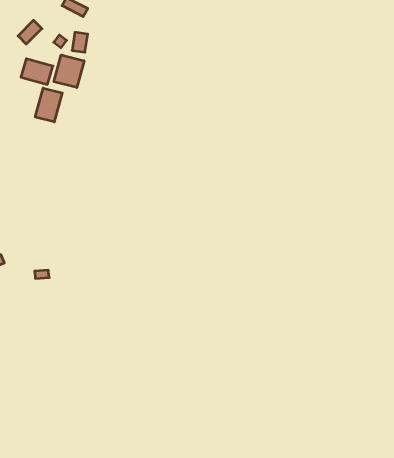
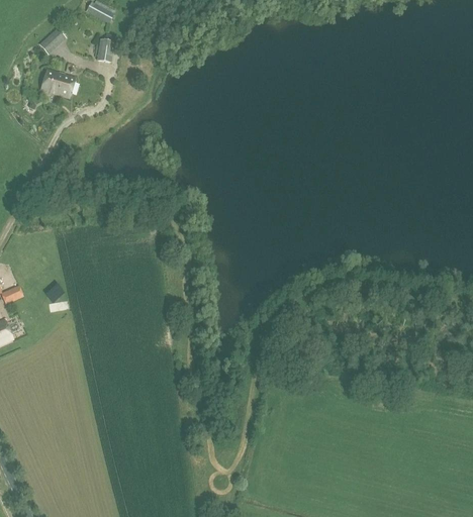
building: [54,55,84,88] -> none
building: [35,88,62,122] -> none

